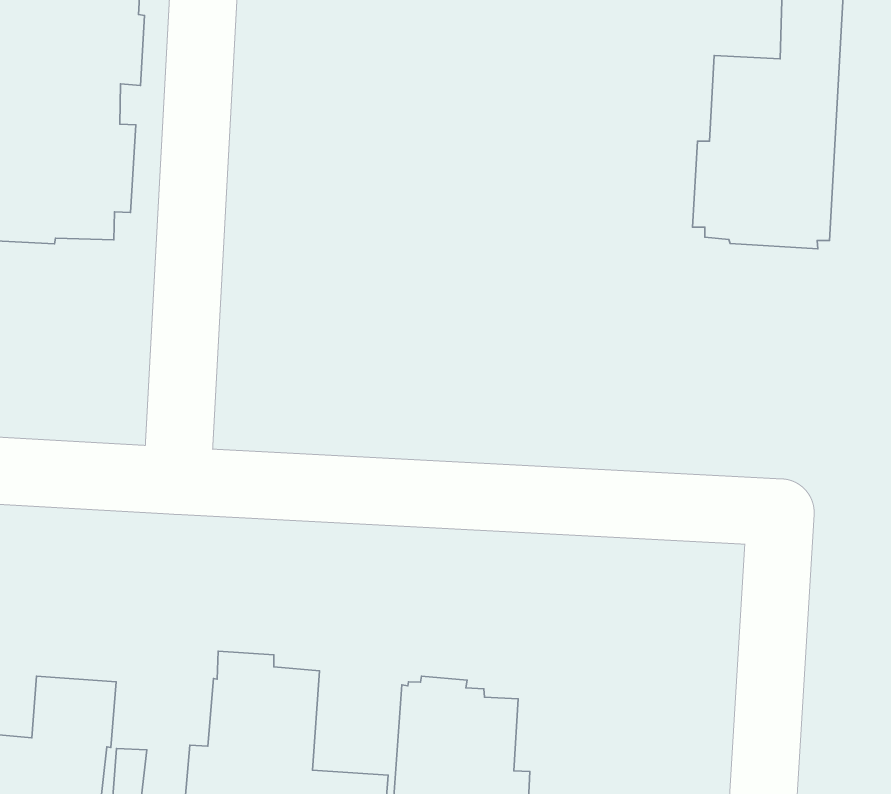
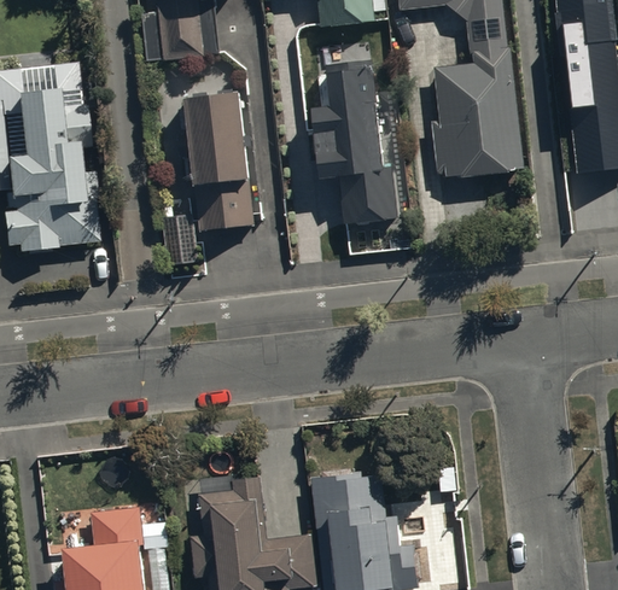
building: none -> [313,62,398,228]
building: none -> [181,90,255,227]

